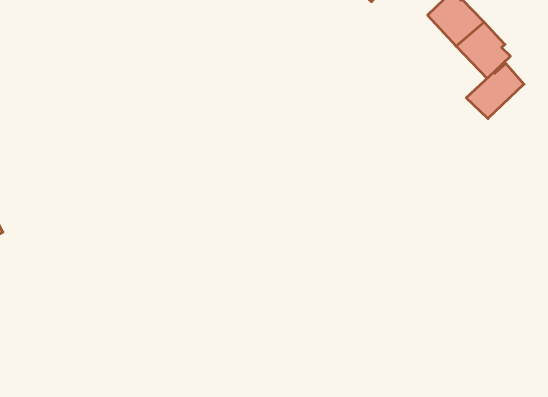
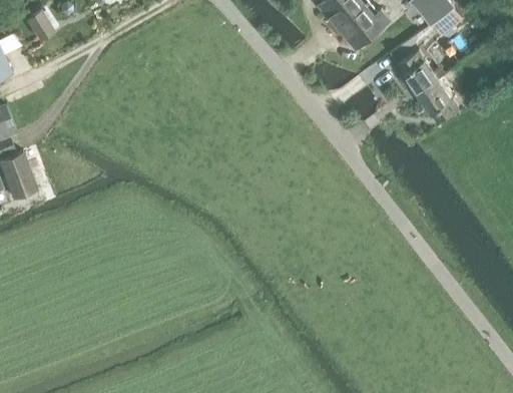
building: [466,63,524,119] -> none

